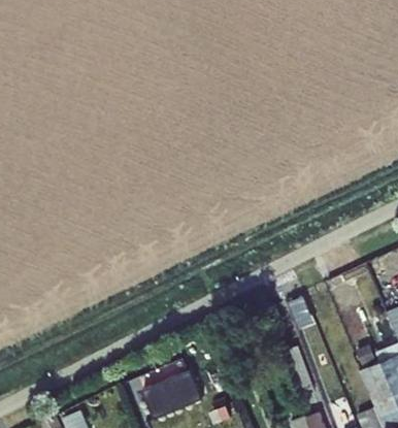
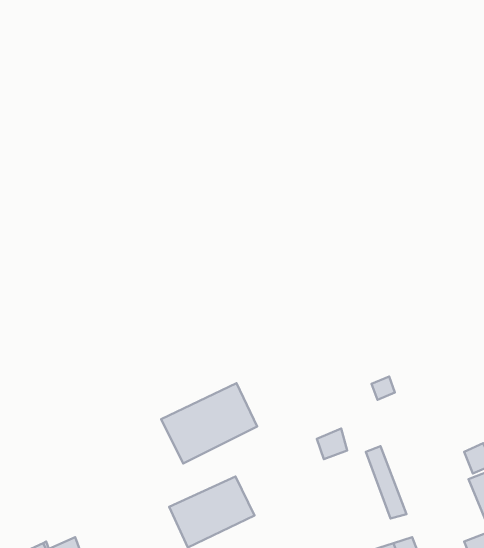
building: none -> [161,383,257,463]

